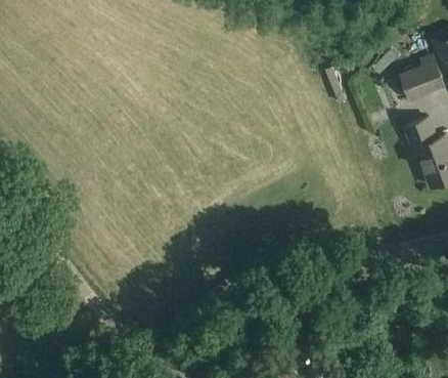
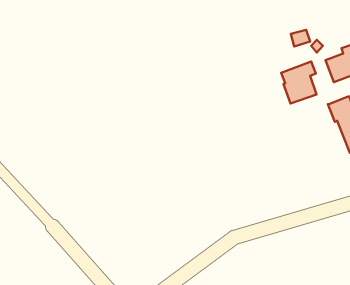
building: none -> [281,61,316,104]

